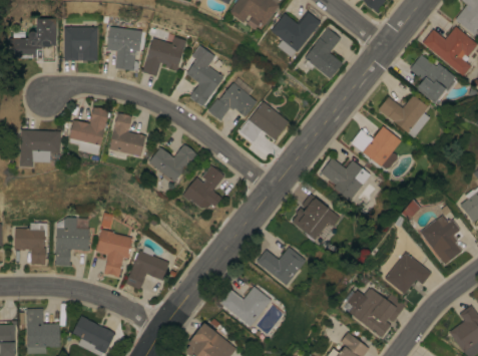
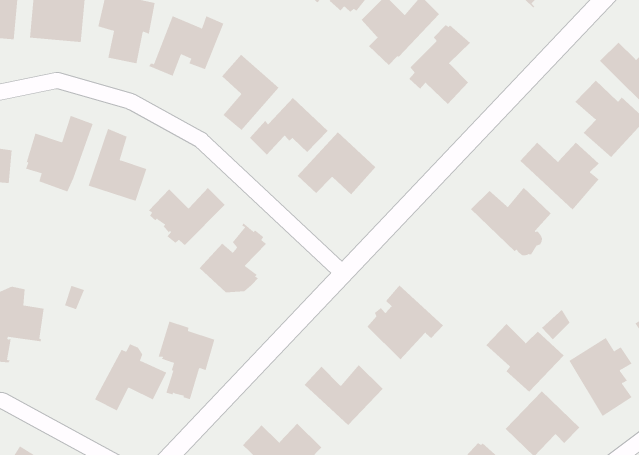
building: [320,157,370,200] -> [485,323,565,393]
building: [96,229,131,277] -> [158,321,215,400]

